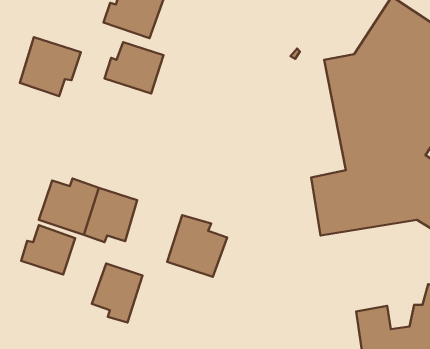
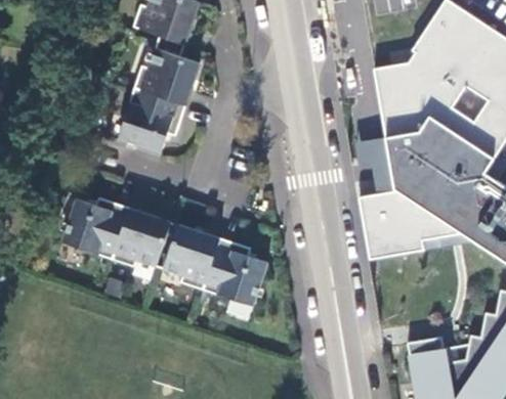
building: [20,37,81,96] -> [118,88,184,152]
building: [21,225,75,275] -> none
building: [92,263,143,322] -> [163,224,218,289]

